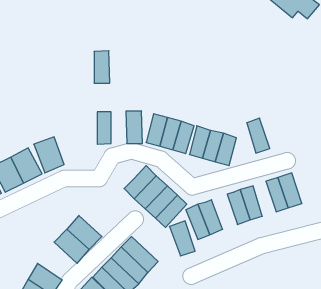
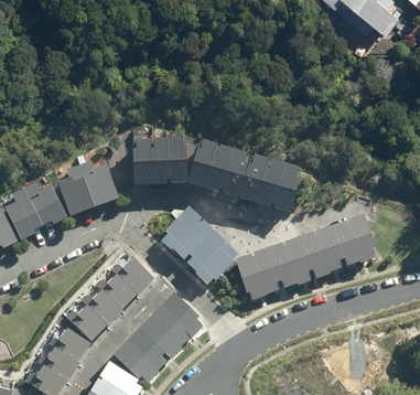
building: [94,51,110,83] -> [148,142,166,181]
building: [247,118,270,153] -> [317,226,345,268]
building: none -> [79,163,118,206]
building: none -> [109,252,151,292]
building: [169,221,195,256] -> [268,242,299,284]
building: none -> [65,299,107,340]

